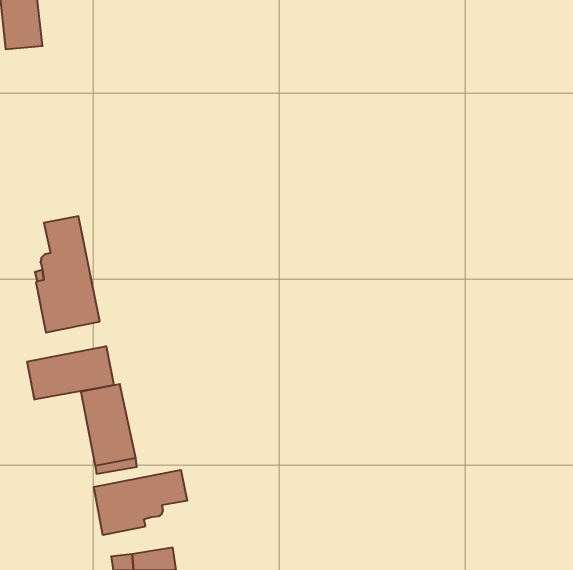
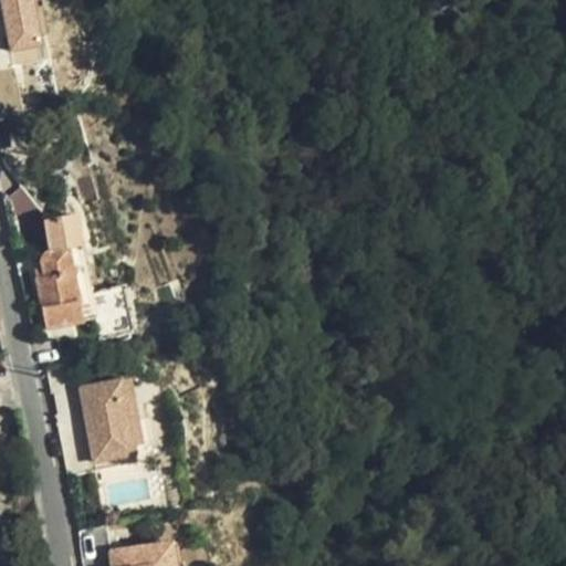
building: [27,346,114,400] -> none
building: [94,470,187,535] -> none

